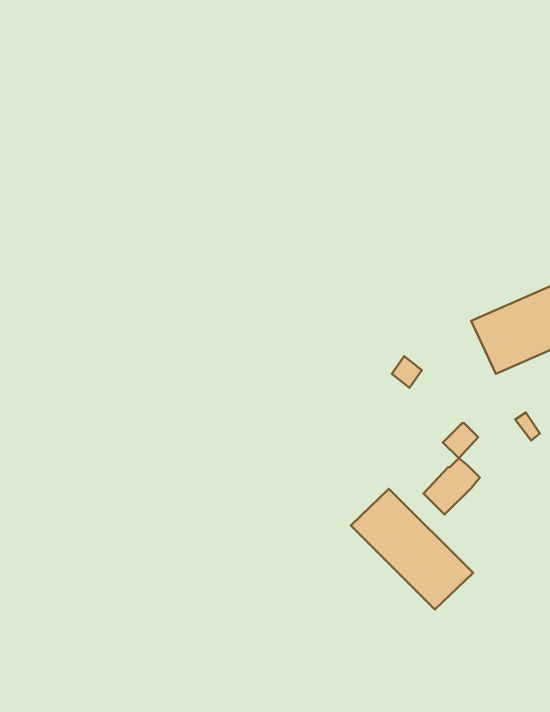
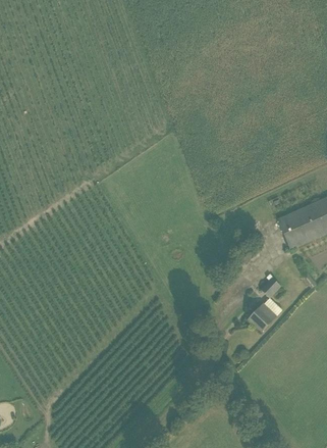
building: [351,489,473,610] -> none

